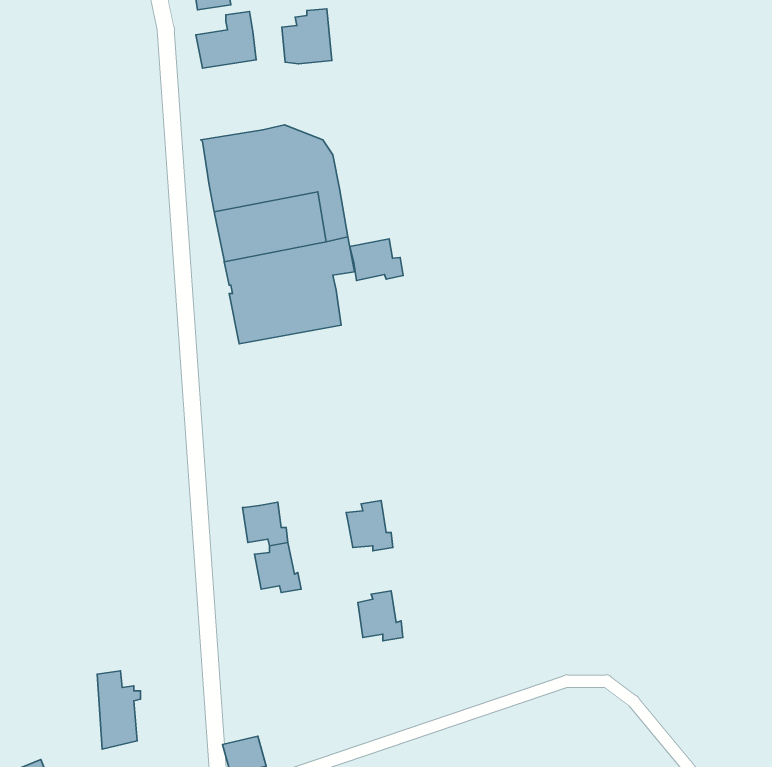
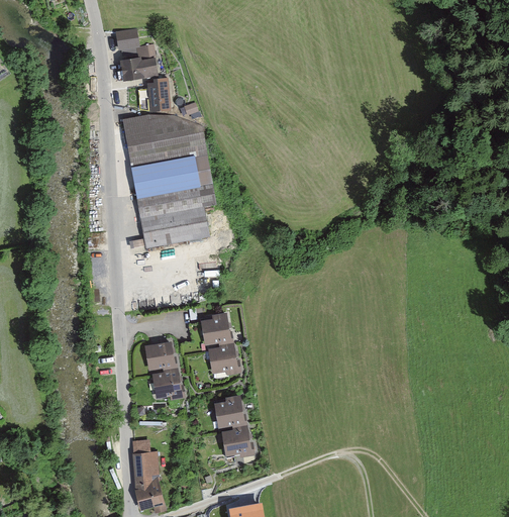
building: [282,9,332,64] -> [138,78,169,111]
building: [350,239,403,281] -> none
building: none -> [203,314,231,344]
building: none -> [224,425,251,455]
building: [97,671,141,749] -> [132,442,159,490]

